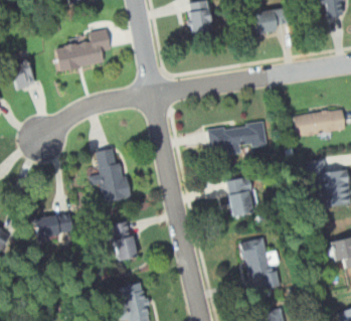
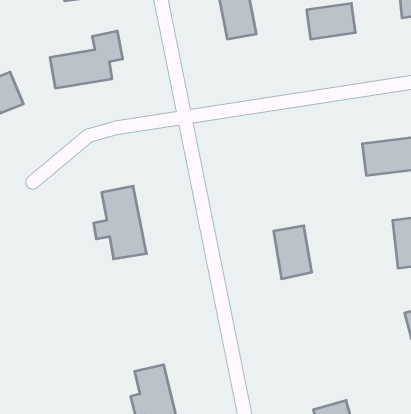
building: [206,121,267,156] -> none
building: [33,213,73,240] -> none
building: [109,220,138,262] -> none
building: [240,238,282,290] -> none

